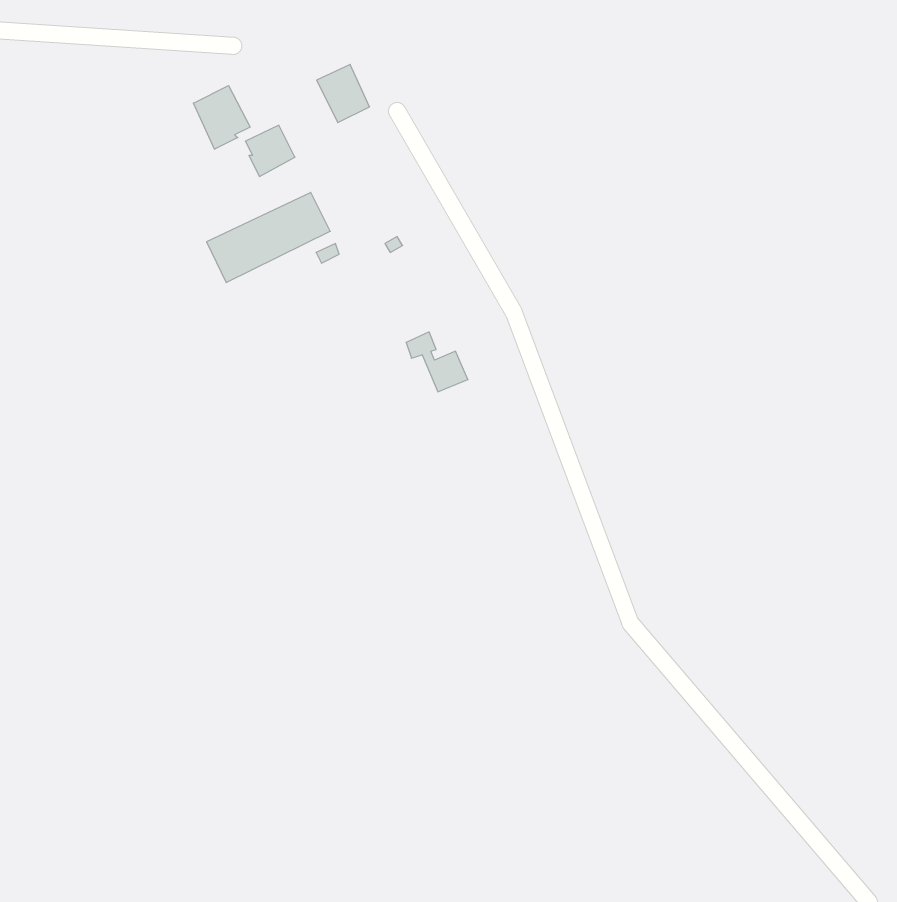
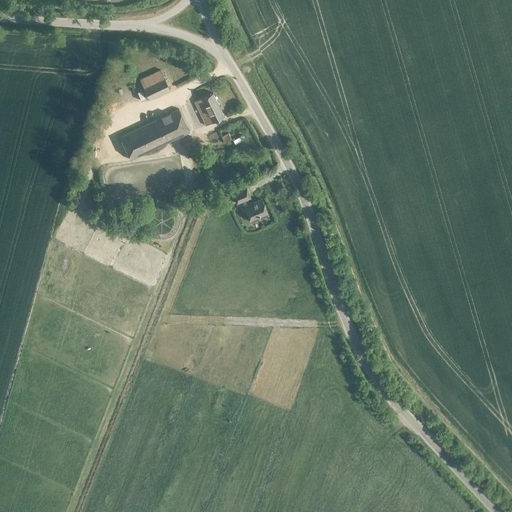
building: [317,64,370,123] -> [191,92,221,125]
building: [193,86,250,149] -> none

